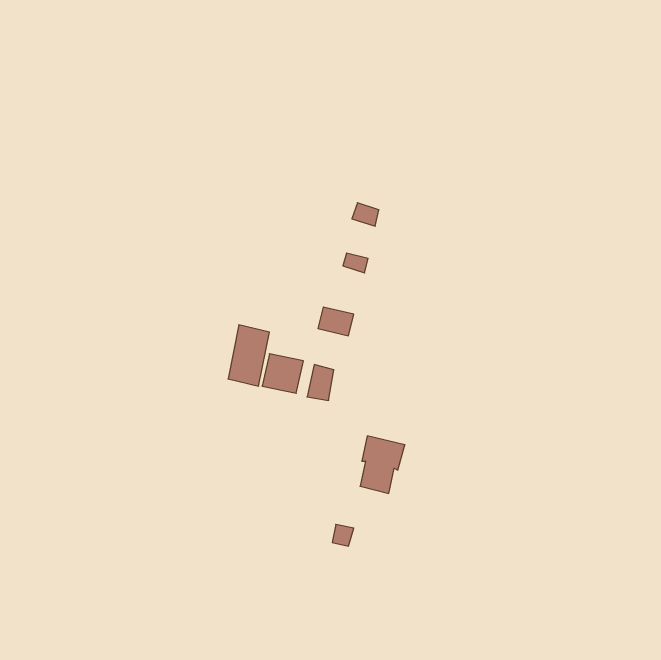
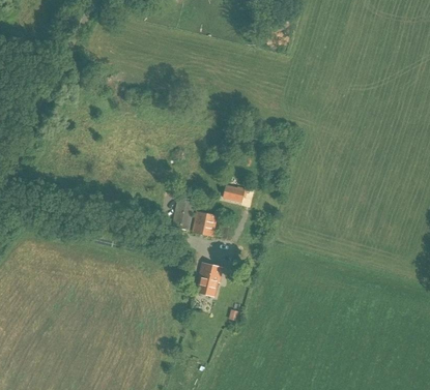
building: [360,436,405,493] -> [198,263,224,296]

